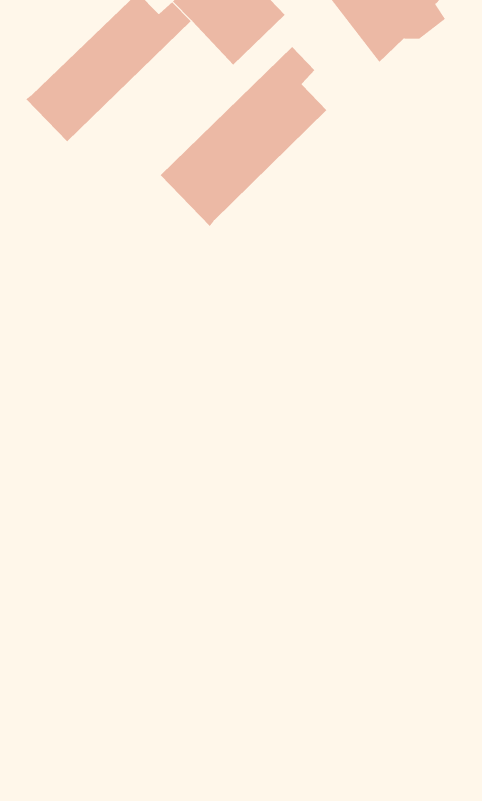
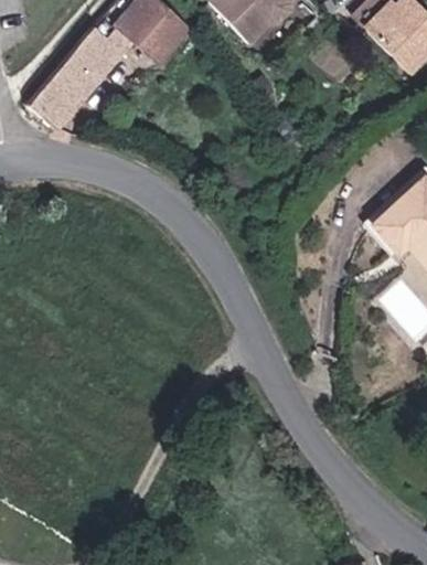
building: [160,46,327,227] -> none

